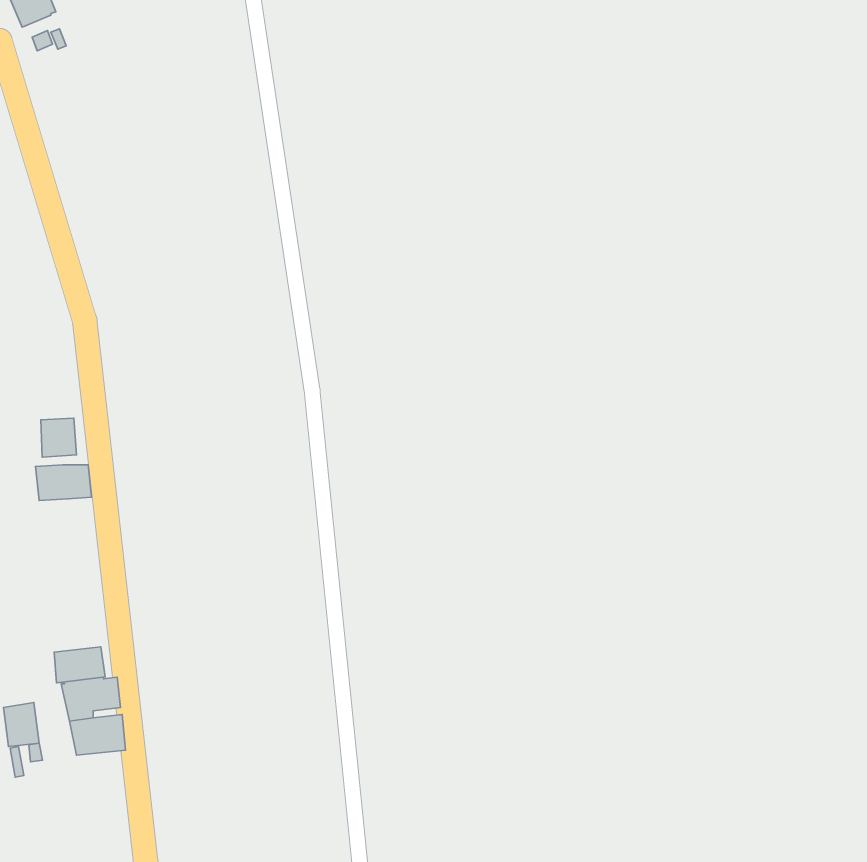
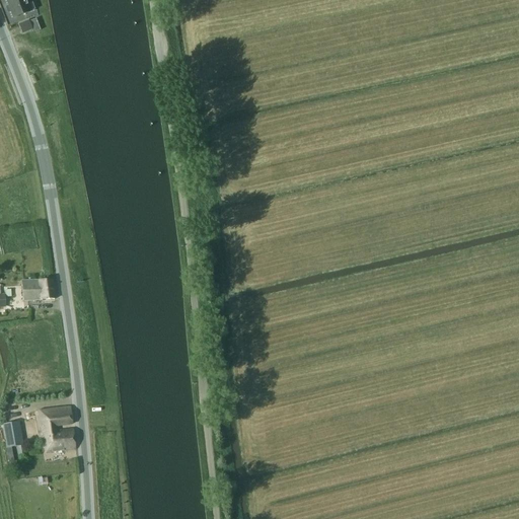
building: [41,418,76,457] -> none
building: [54,647,105,683] -> none

